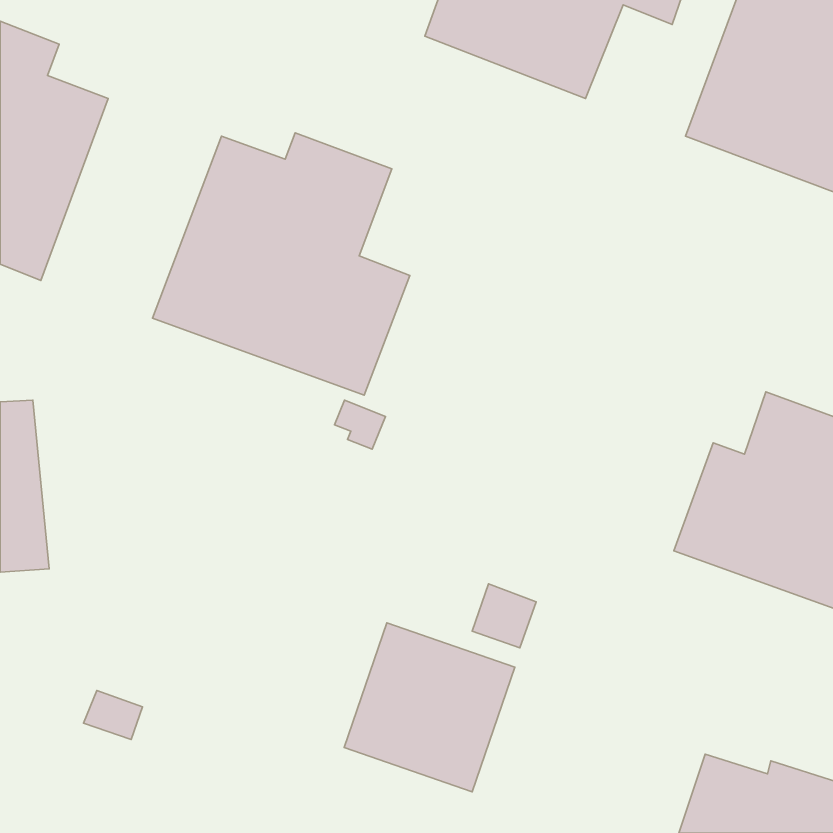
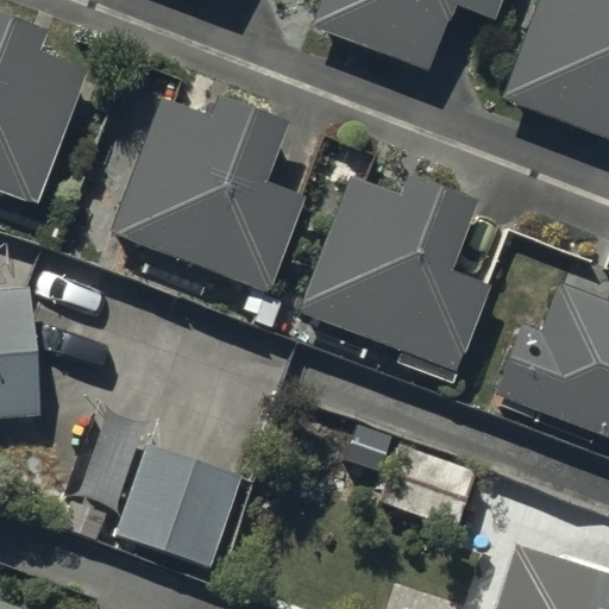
building: none -> [299,175,485,371]
building: [344,623,515,792] -> [115,445,239,567]

